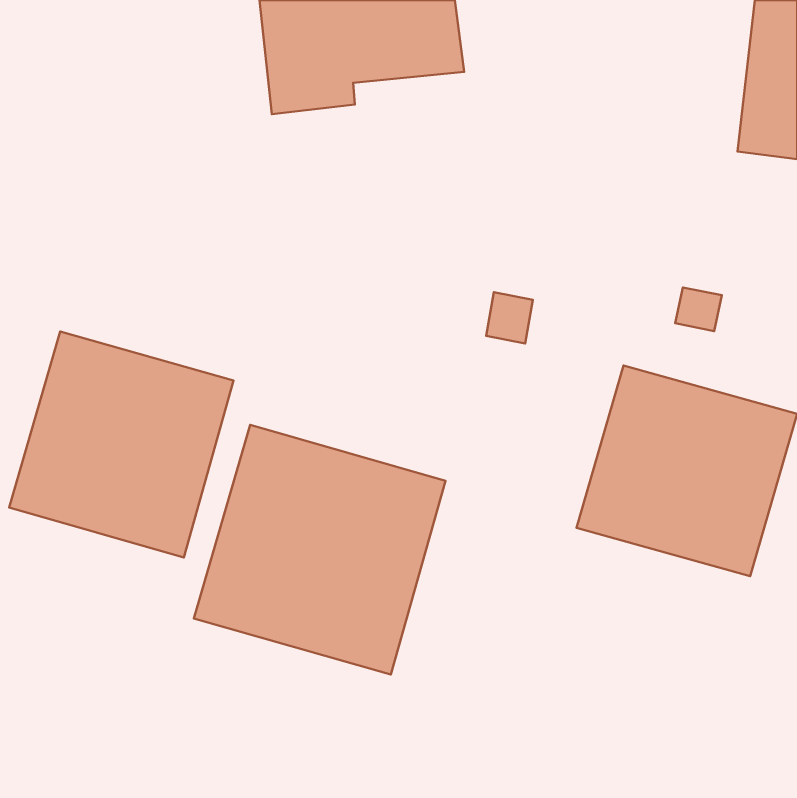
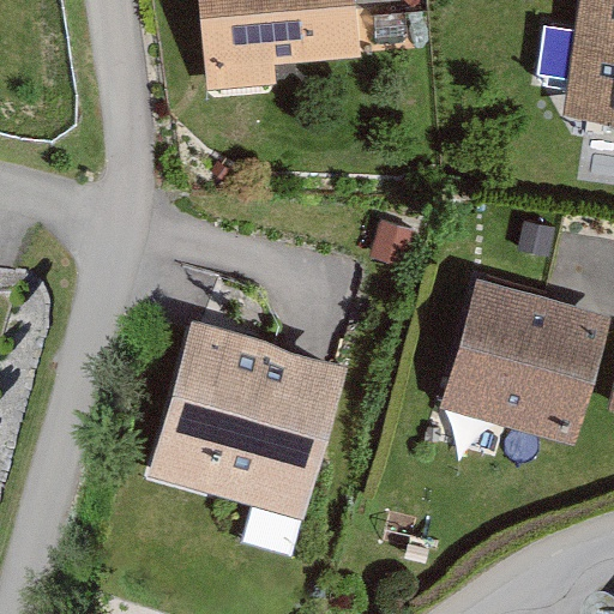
building: [9,332,234,557] -> none

